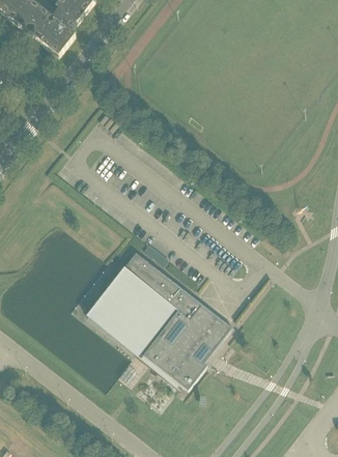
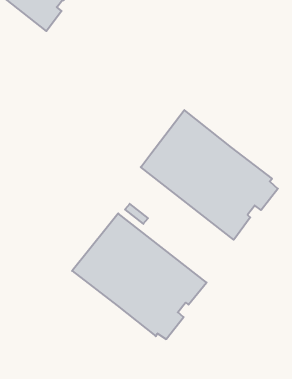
building: none -> [141,110,278,240]

